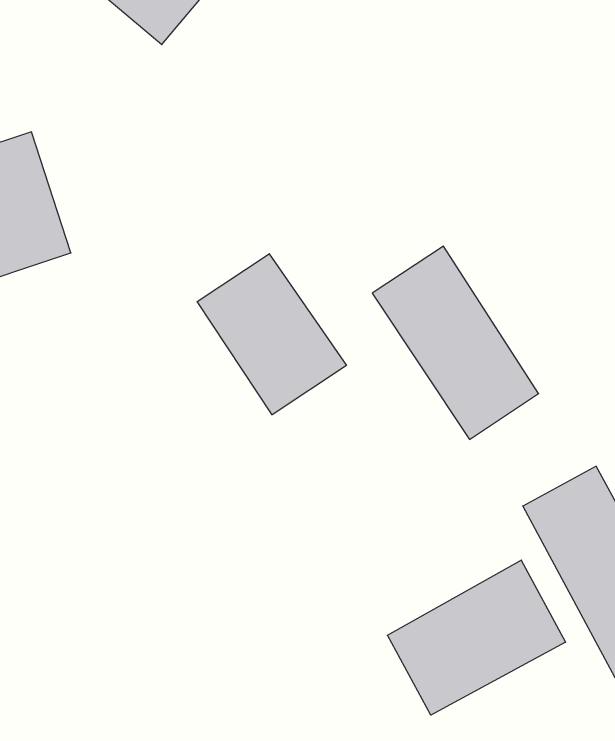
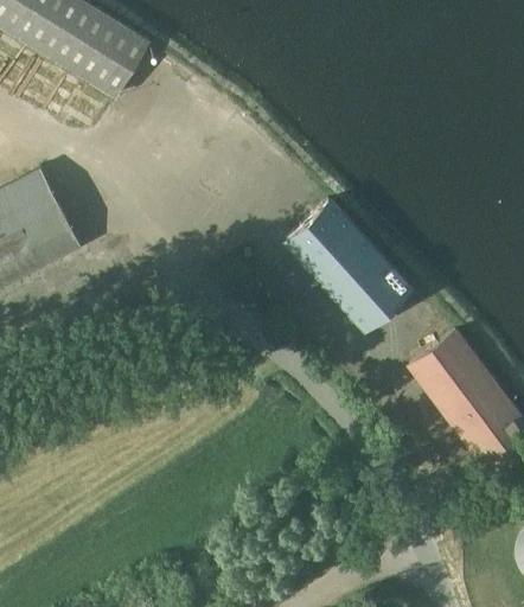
building: [197,254,346,415] -> none
building: [387,560,566,715] -> none

